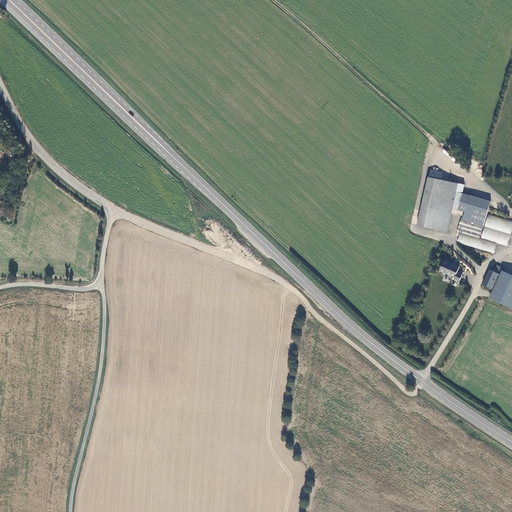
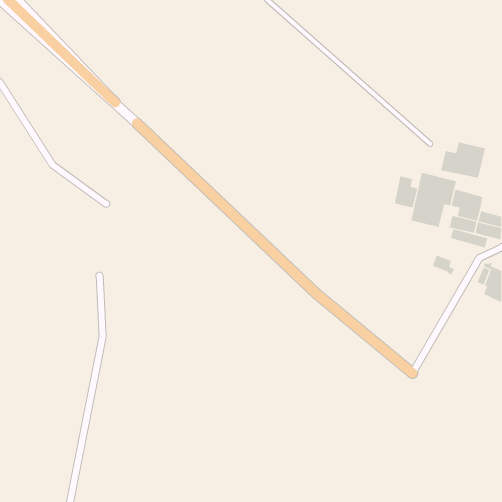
building: none -> [441,142,485,178]
building: none -> [394,175,418,208]

